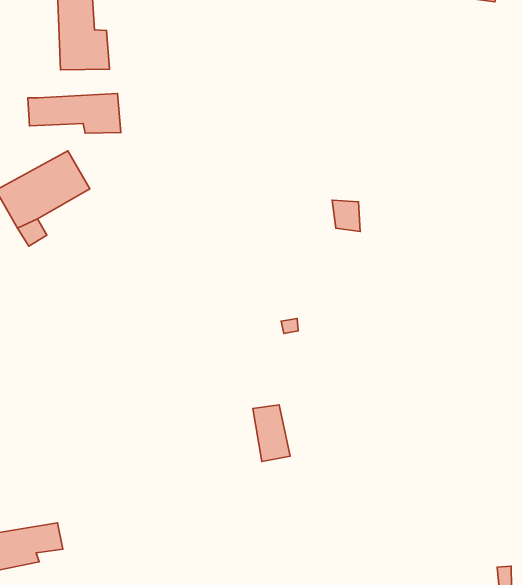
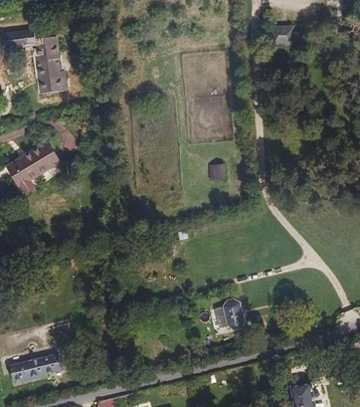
building: [28,94,121,133] -> none
building: [253,405,290,461] -> [217,297,240,331]

